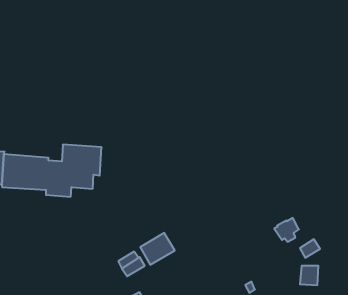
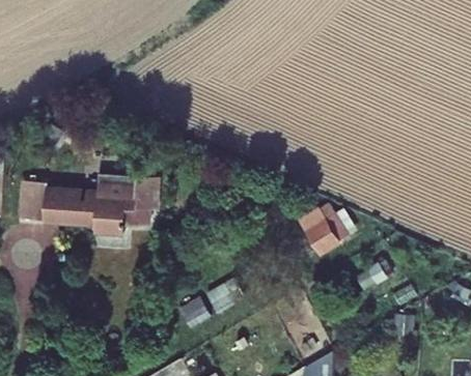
building: none -> [296,203,348,257]

